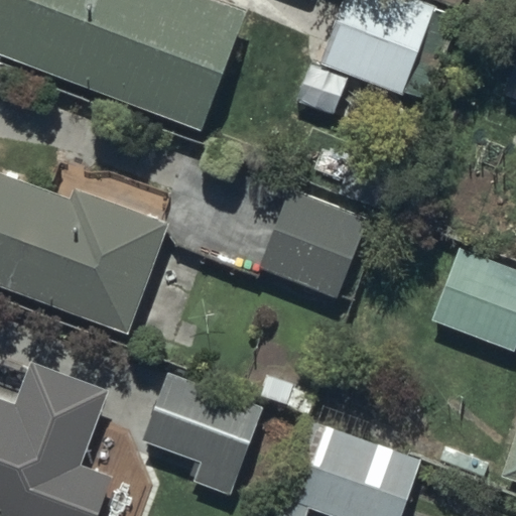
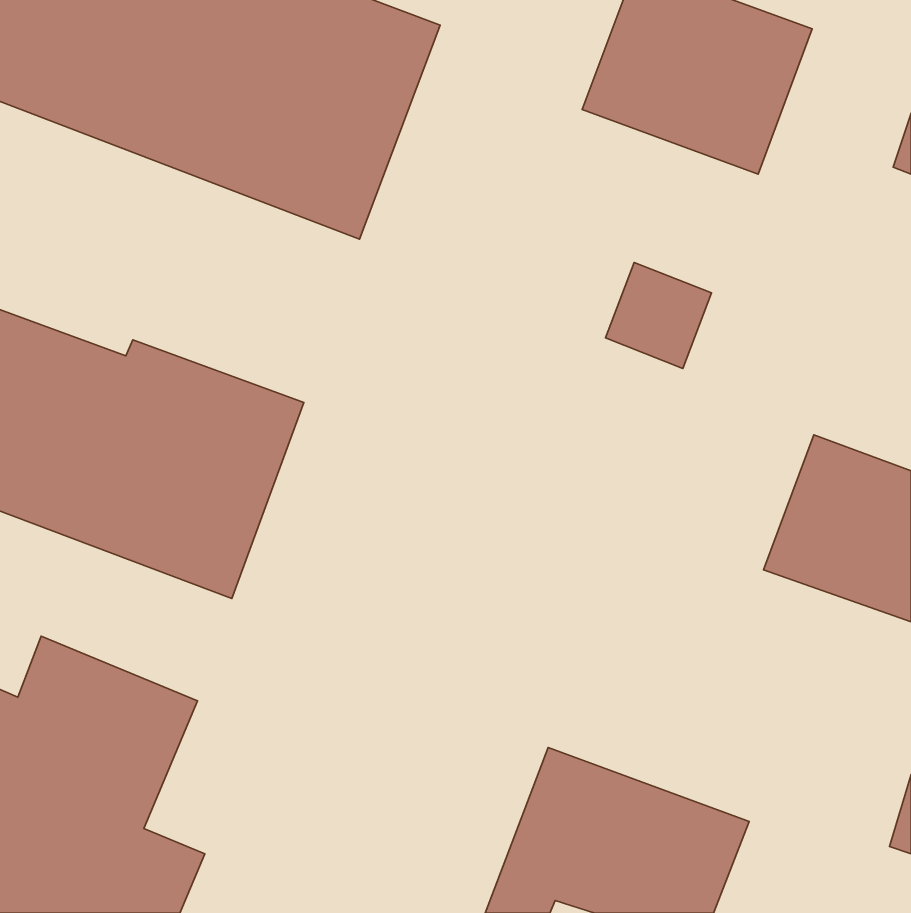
building: [259,188,367,295] -> none
building: [143,373,263,495] -> none

